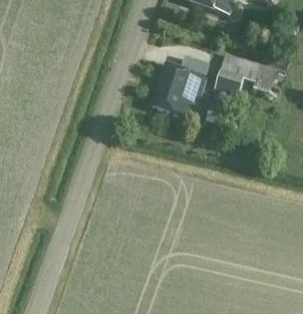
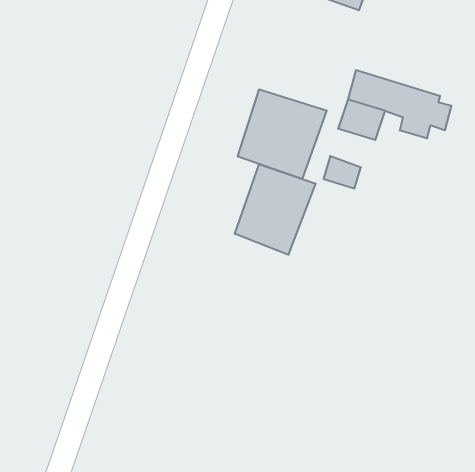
building: none -> [235,164,316,255]

